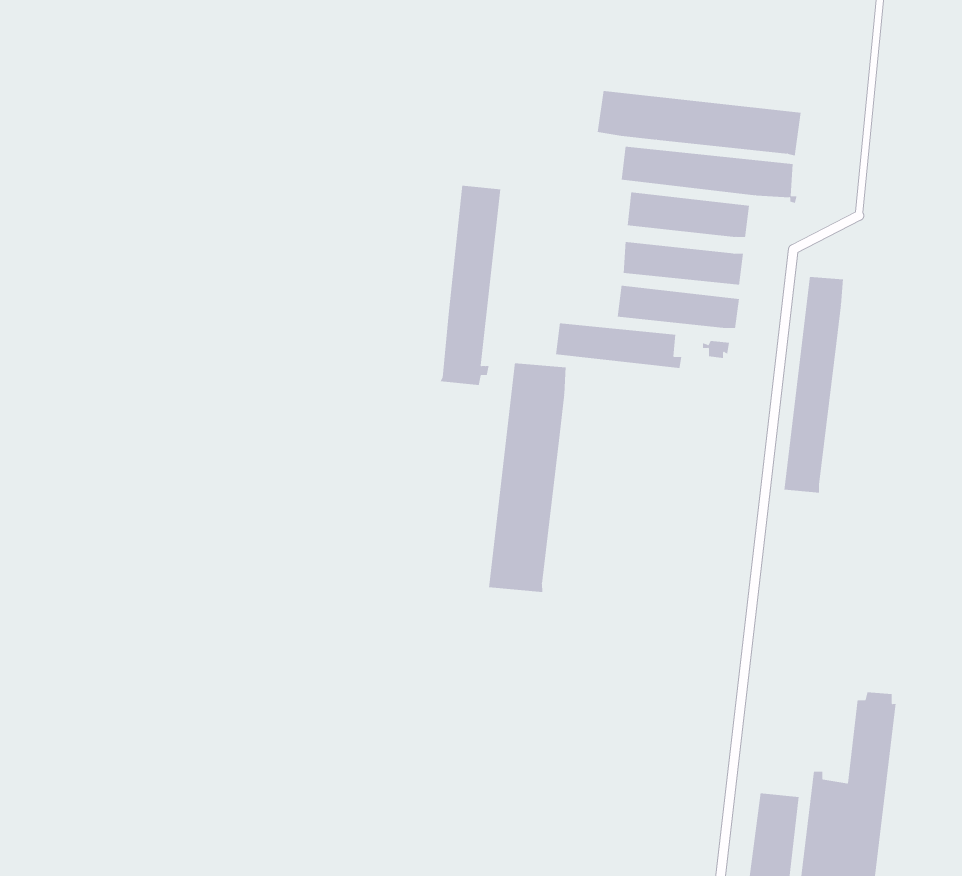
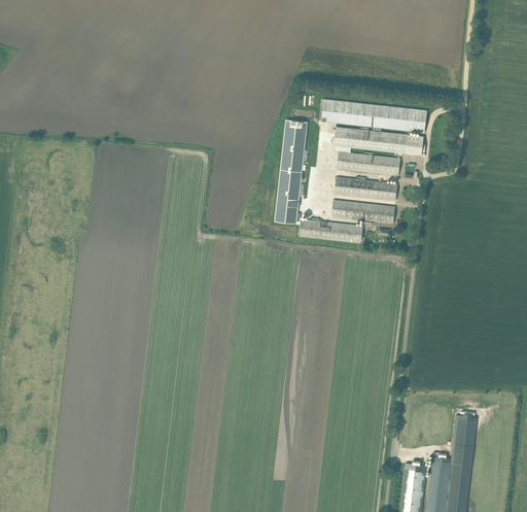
building: [440,185,501,385] -> [275,120,307,224]
building: [784,276,843,493] -> none
building: [488,362,566,593] -> none

